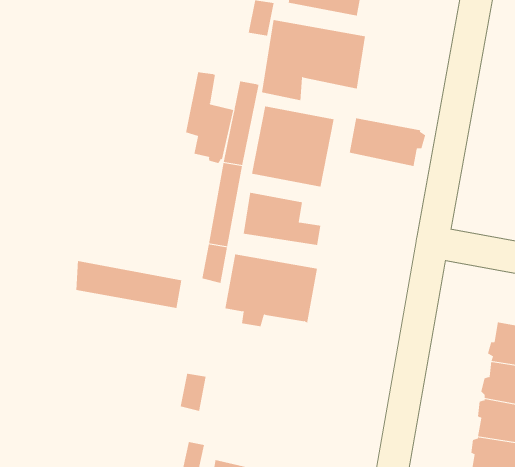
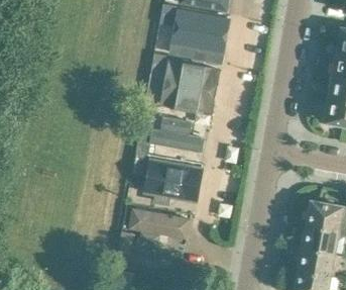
building: [185,72,234,164] -> none
building: [349,118,426,167] -> none
building: [76,260,182,309] -> [127,211,192,240]

